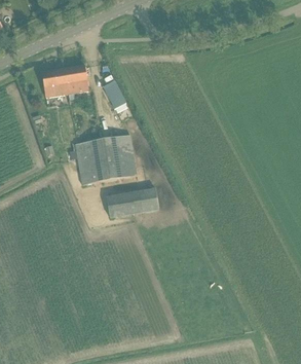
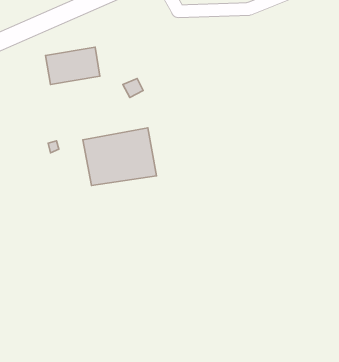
building: [106,187,157,216] -> none

